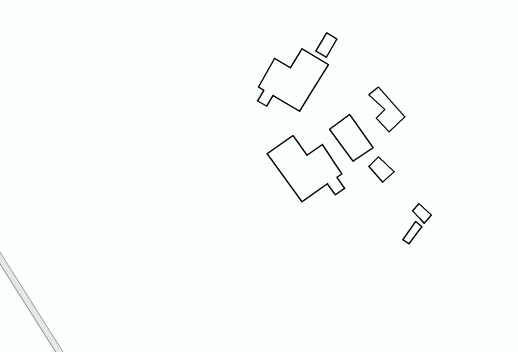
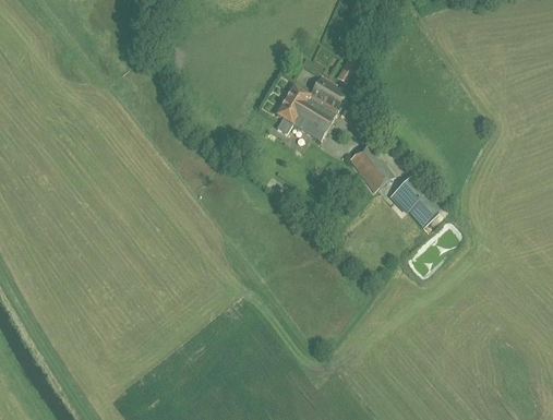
building: [369,87,405,132] -> [400,179,437,225]
building: [267,136,345,202] -> none

